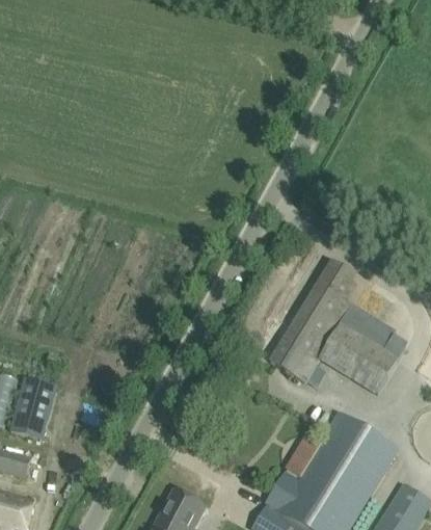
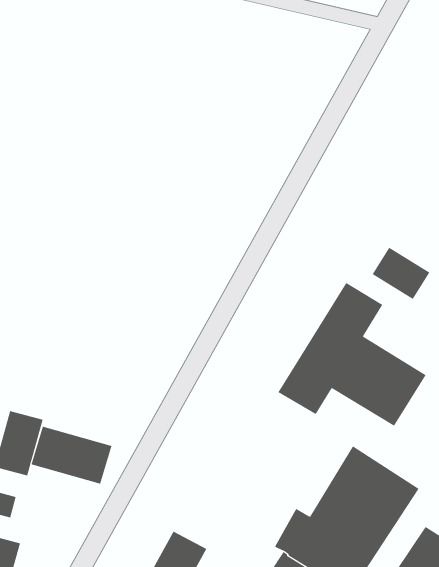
building: none -> [372,247,430,300]
building: none -> [31,426,112,485]

